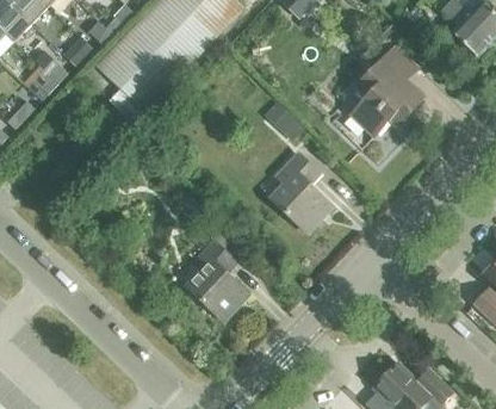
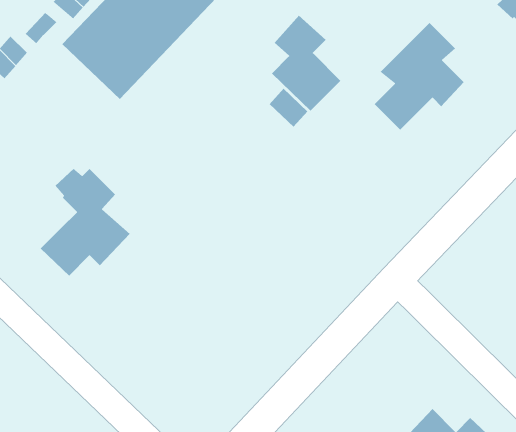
building: [273,153,330,231] -> [271,15,341,111]
building: [173,240,247,328] -> [40,168,130,276]

